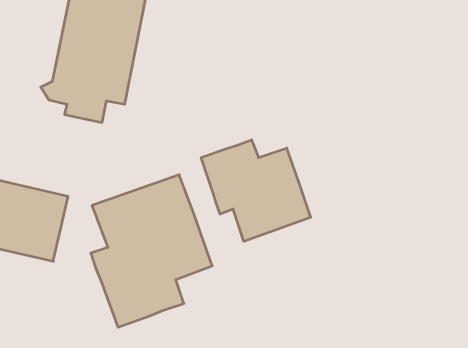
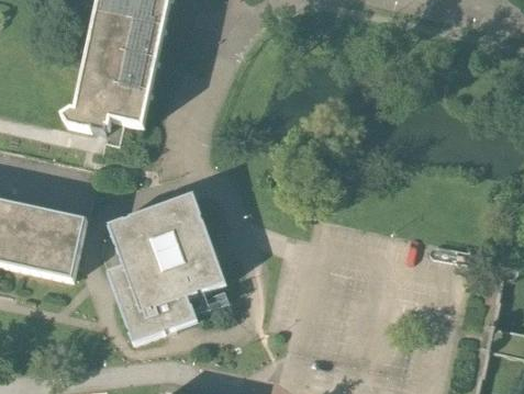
building: [201,140,311,241] -> none

